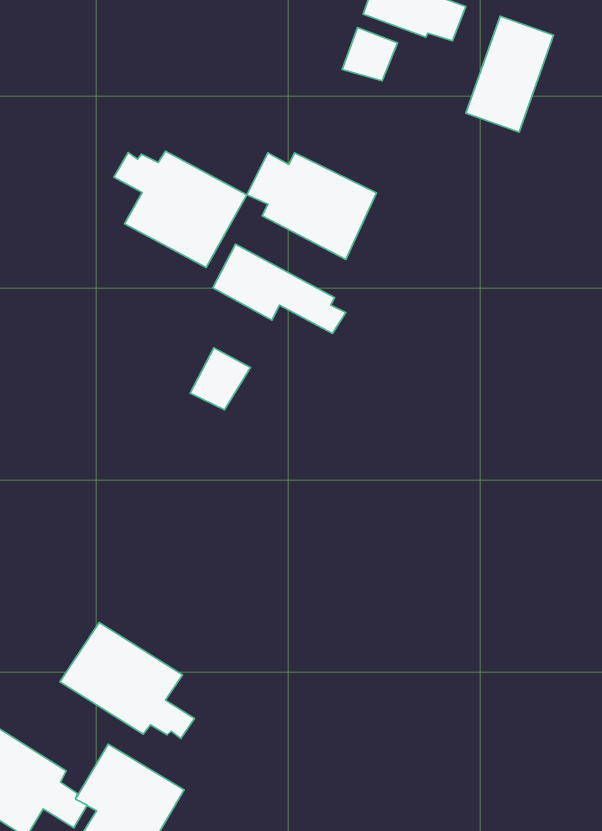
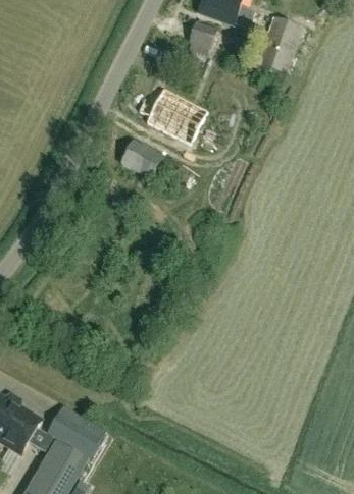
building: [114,151,247,267] -> none
building: [190,348,251,410] -> none
building: [60,622,194,738] -> none

